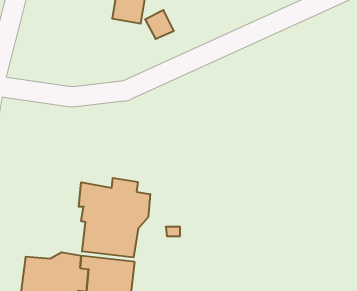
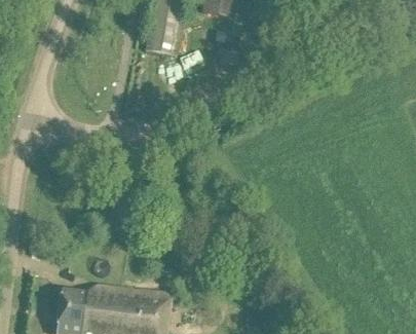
building: [79,178,150,257] -> none

